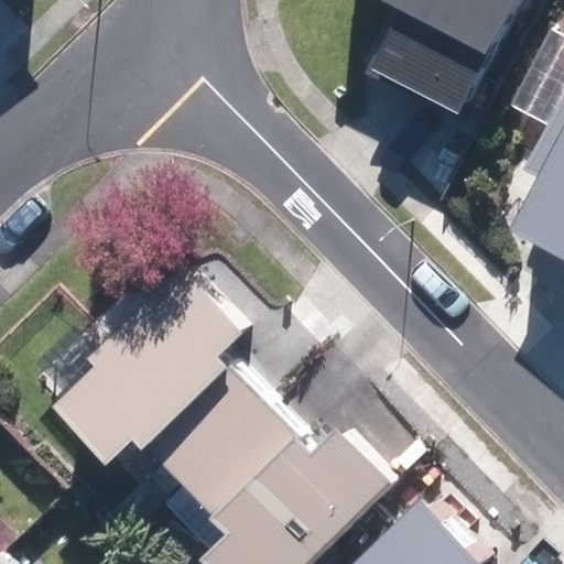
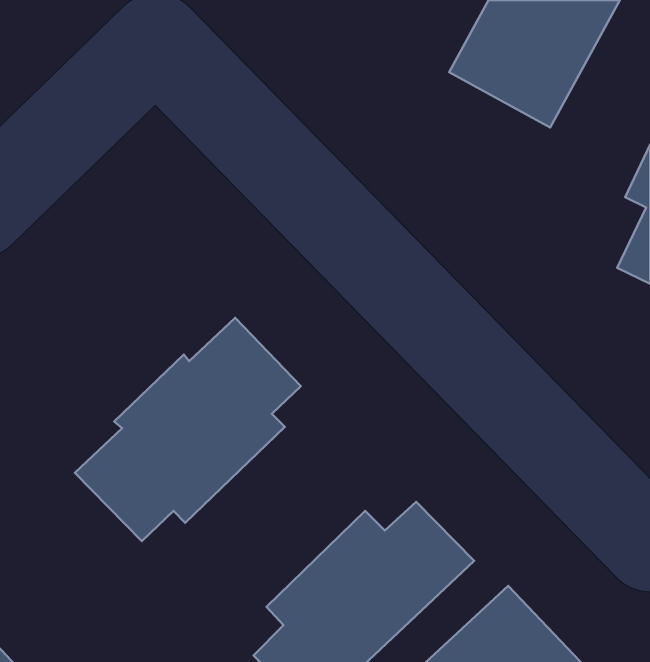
building: [155,366,306,517] -> none

